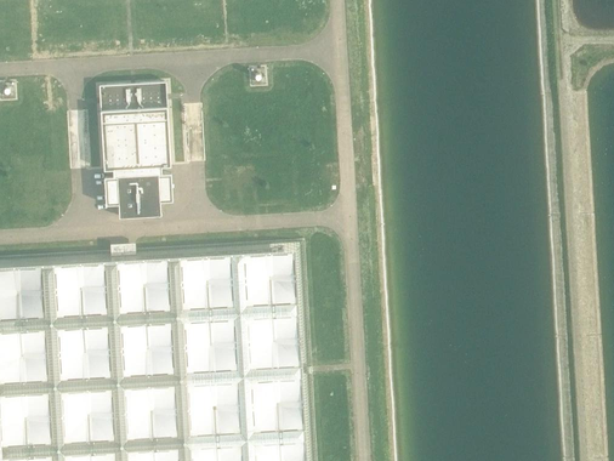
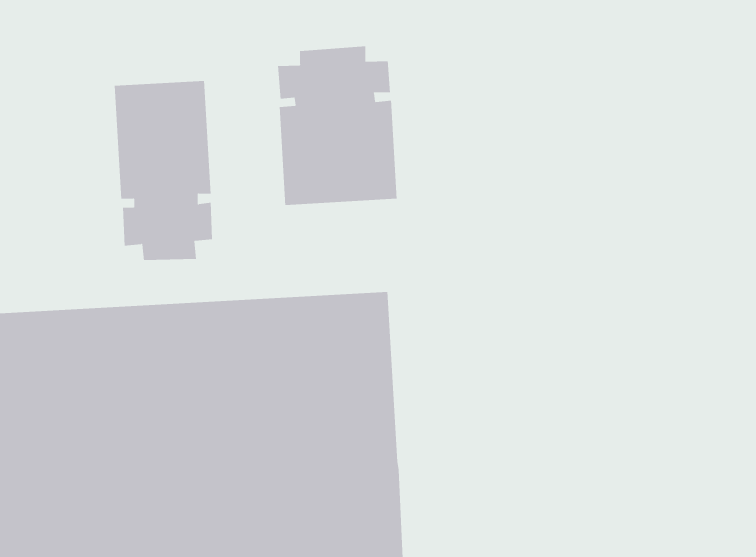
building: none -> [277,45,397,206]

